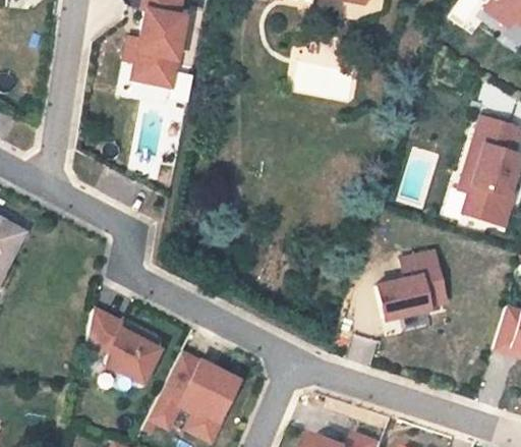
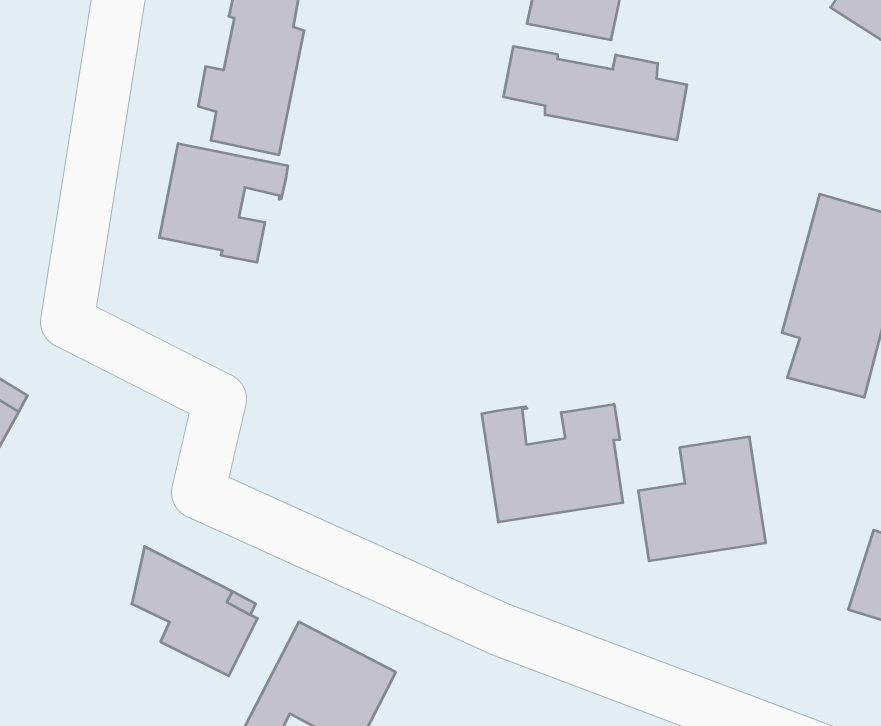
building: none -> [504,46,687,140]
building: none -> [159,143,288,262]
building: none -> [482,404,623,522]

